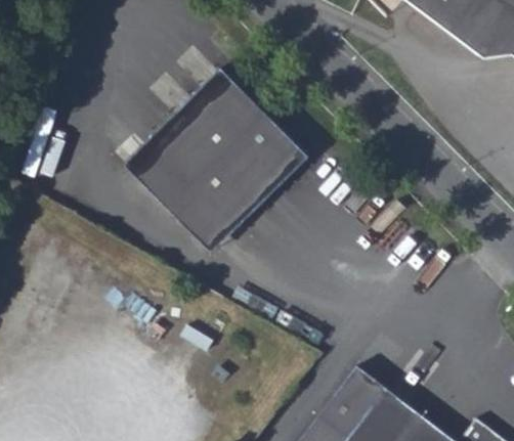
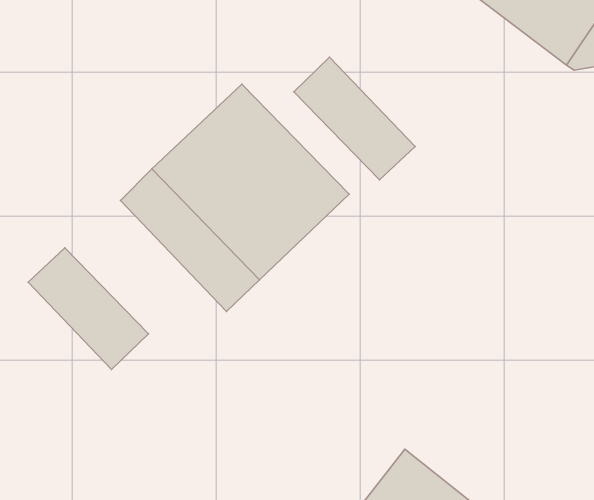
building: none -> [294,57,415,180]
building: none -> [28,248,149,369]

